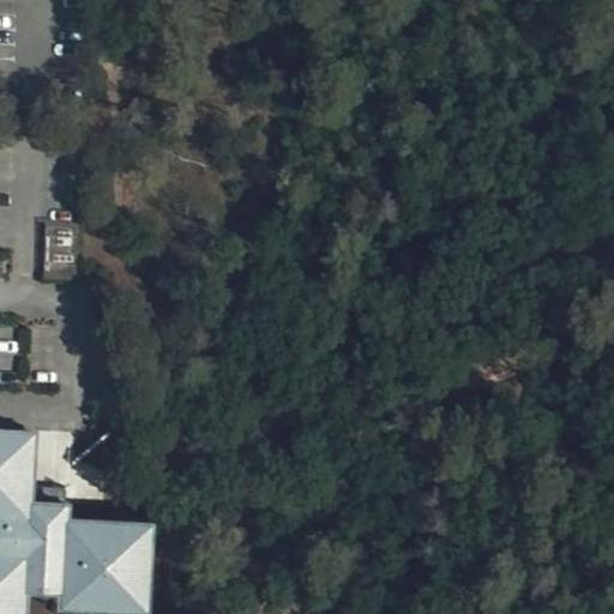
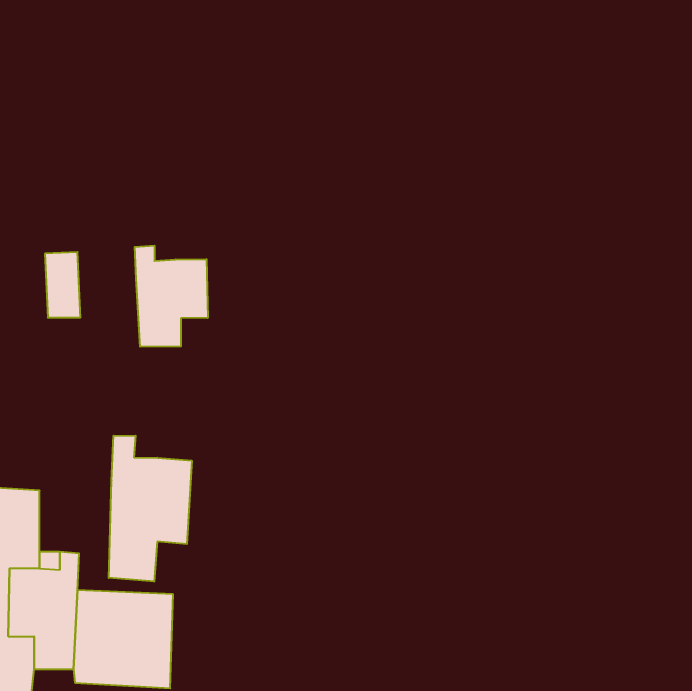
building: none -> [135,246,208,347]
building: none -> [109,436,192,582]

